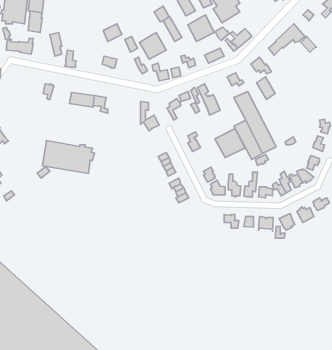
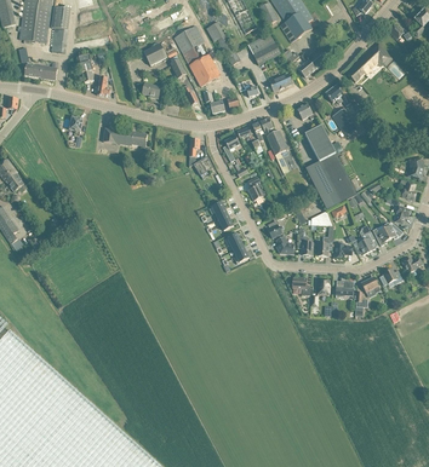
building: none -> [173,25,205,67]
building: [215,128,245,158] -> none
building: [42,140,95,173] -> none

